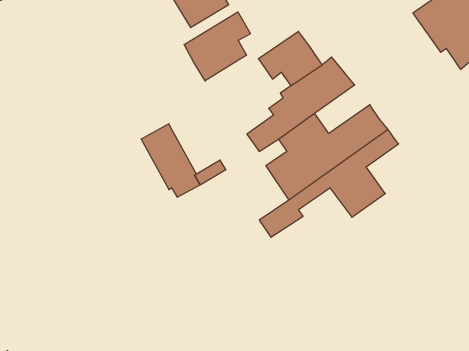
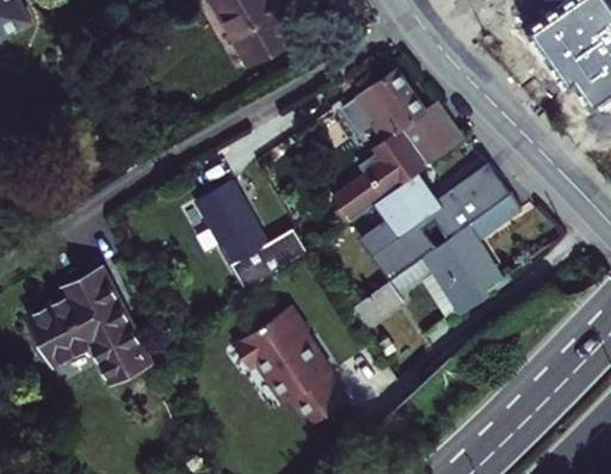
building: [184,12,250,81] -> none
building: none -> [30,276,149,387]
building: none -> [228,310,334,424]

